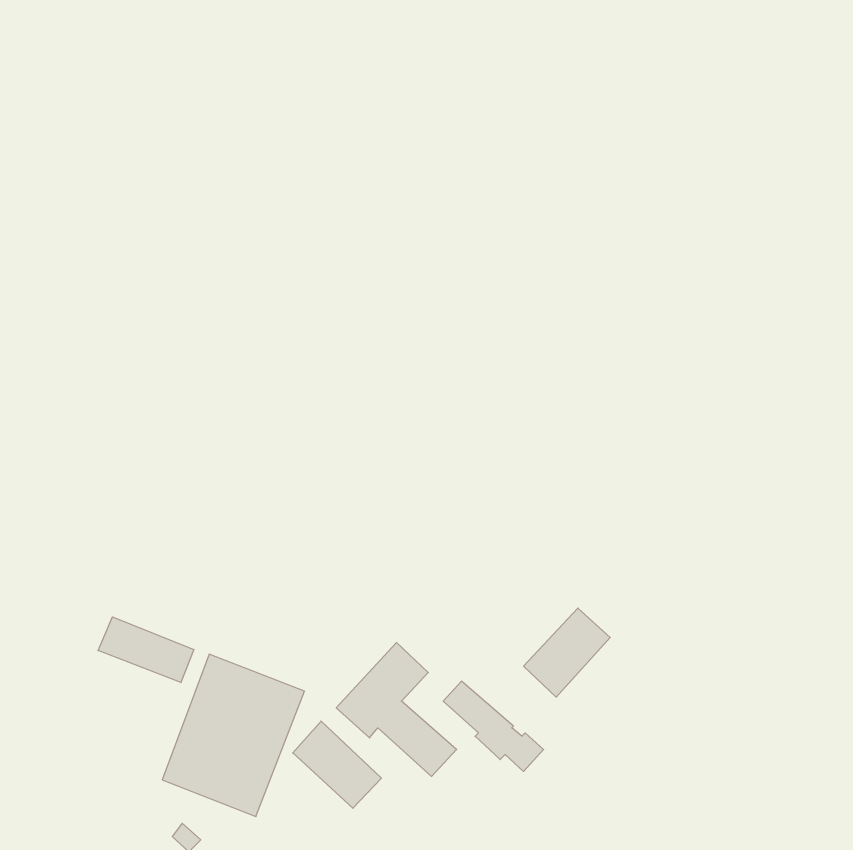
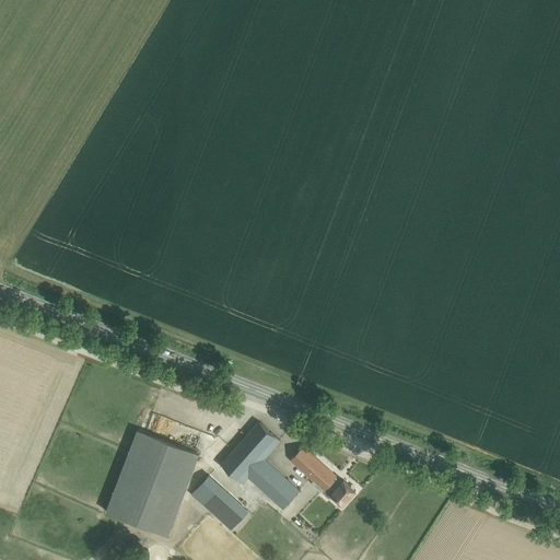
building: [524,608,610,697] -> none
building: [98,617,194,683] -> none

